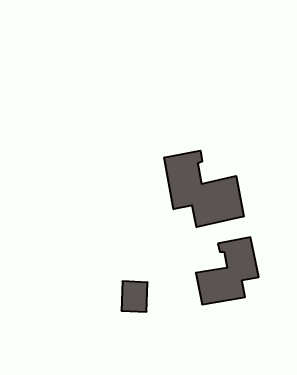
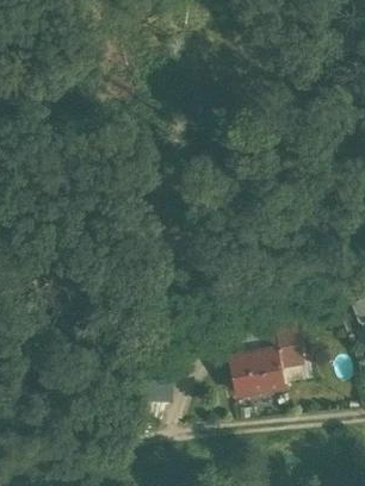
building: [164,151,244,227] -> none

